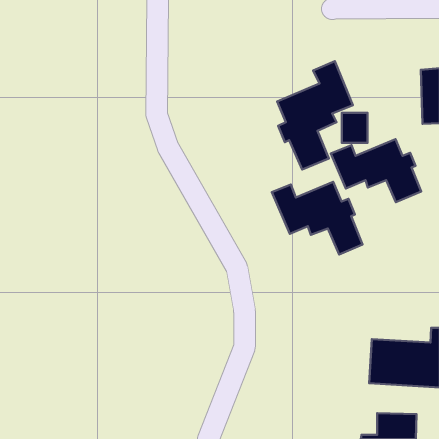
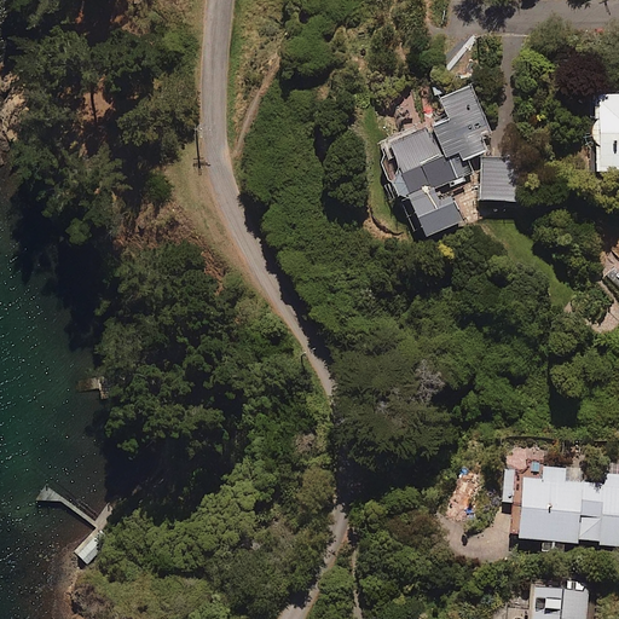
building: [331,139,421,202] -> none
building: [272,182,363,254] -> none

